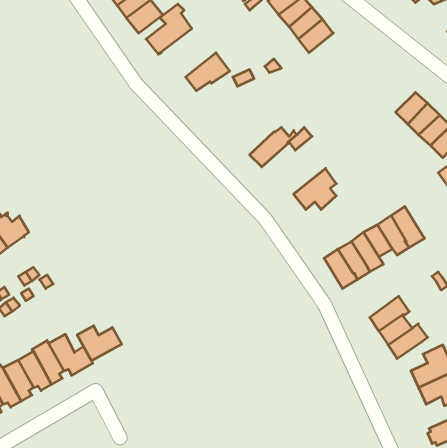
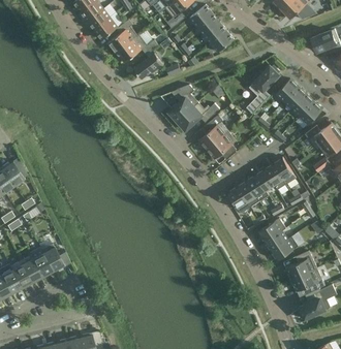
building: none -> [116,35,158,63]
building: none -> [246,65,279,114]
building: none -> [168,85,198,122]
building: none -> [198,115,228,149]
building: [77,326,122,361] -> none

